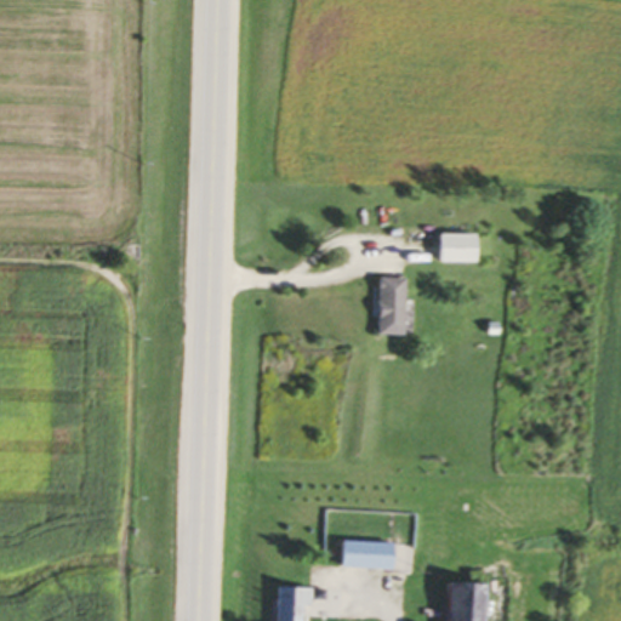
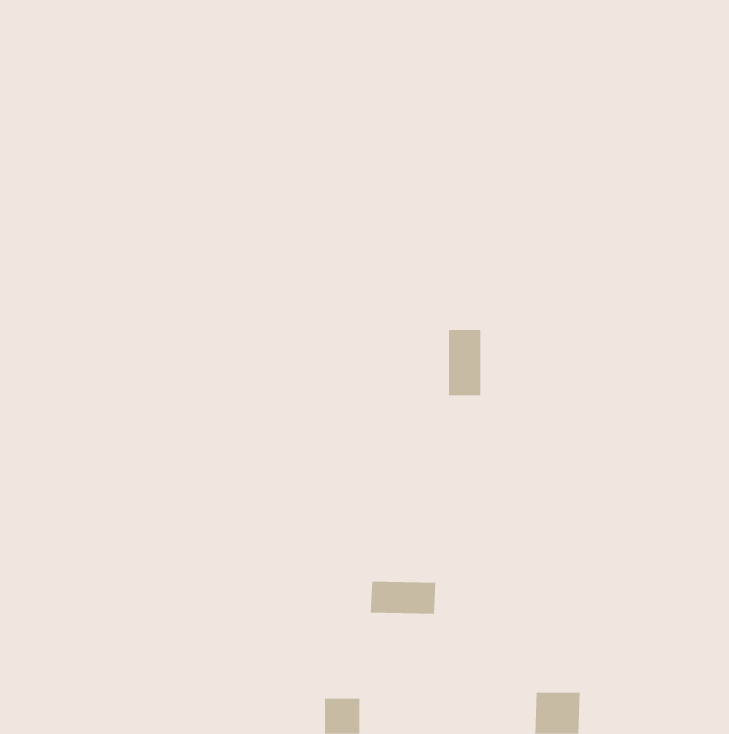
building: [441,234,479,262] -> none
building: [340,542,395,570] -> [370,581,436,614]

